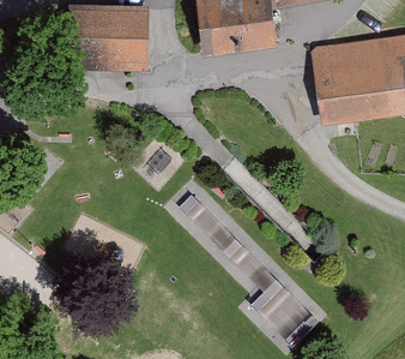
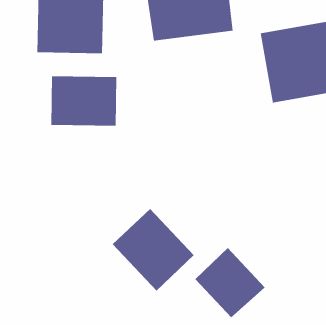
building: none -> [51,76,117,127]
building: none -> [112,208,195,291]

